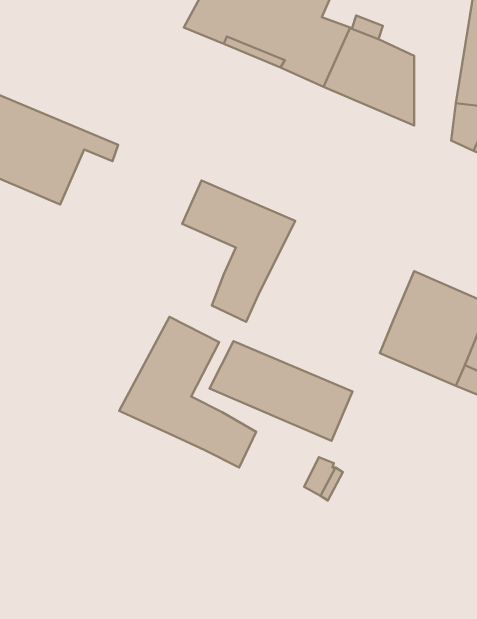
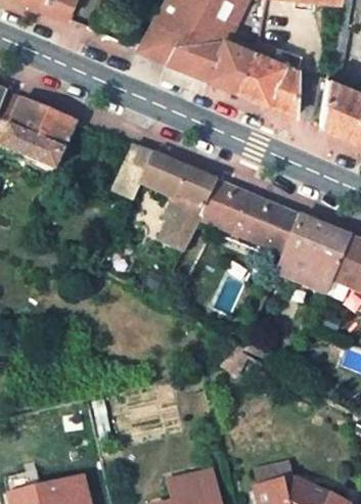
building: none -> [114,146,152,200]
building: [119,317,256,467] -> none
building: [210,341,352,441] -> [200,182,299,250]

